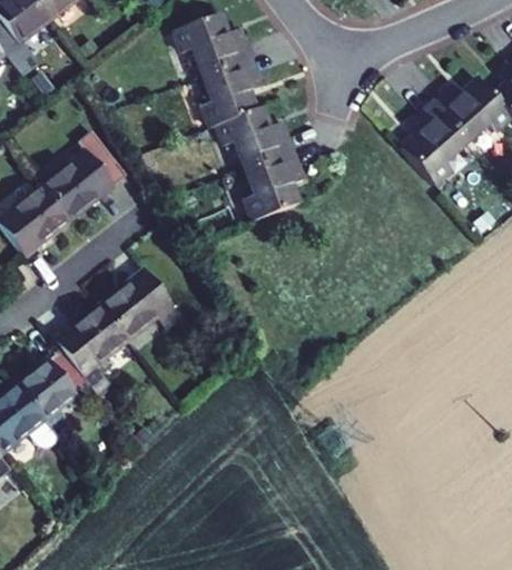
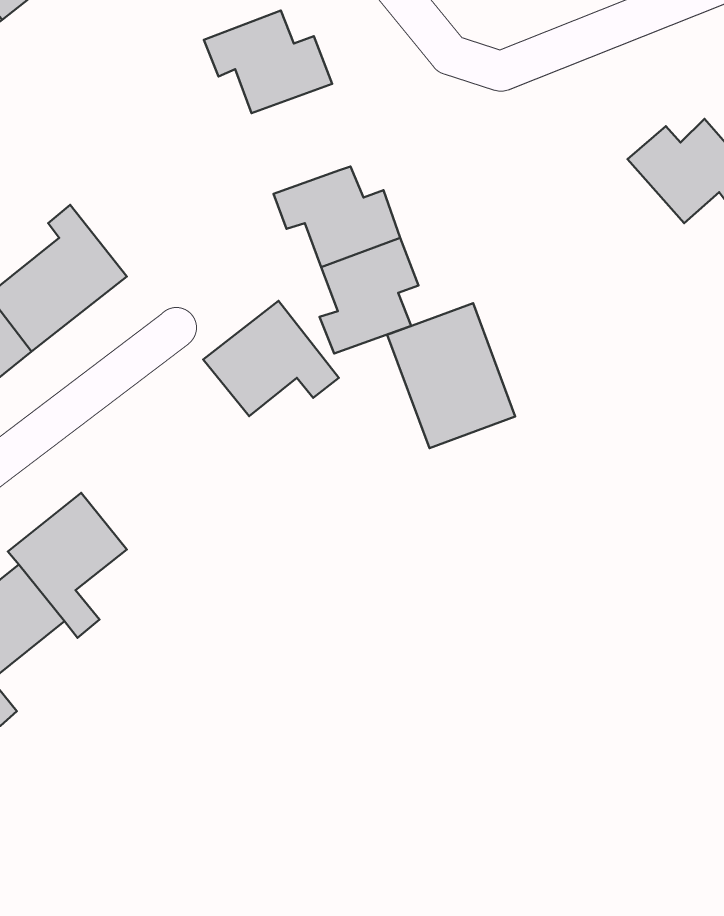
building: [200,58,260,128] -> none
building: [400,104,464,185] -> none
building: none -> [387,303,515,448]
building: [98,271,180,341] -> [203,301,339,416]

